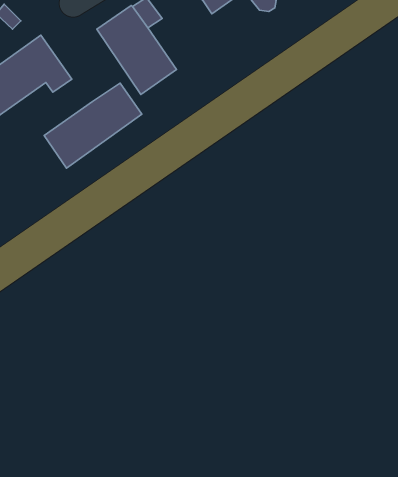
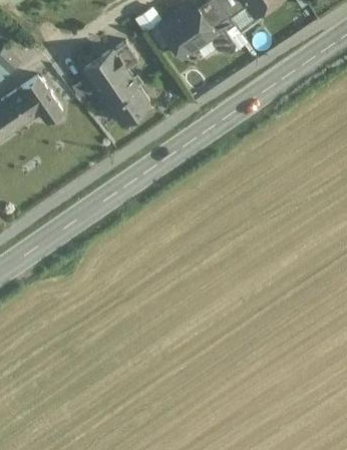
building: [44,83,142,168] -> none

